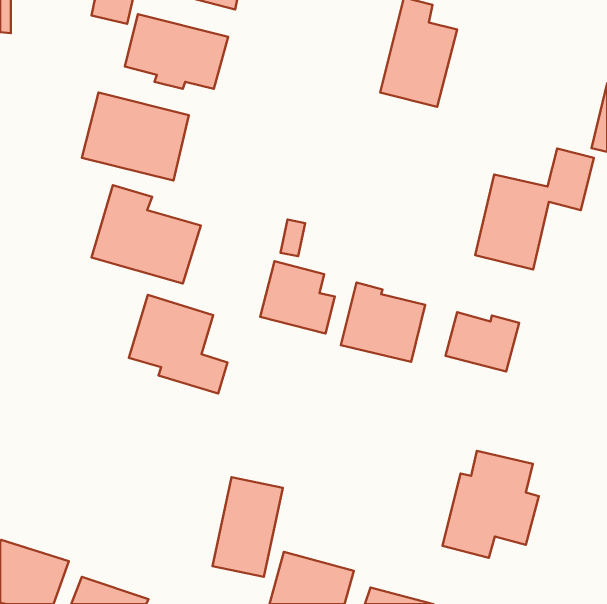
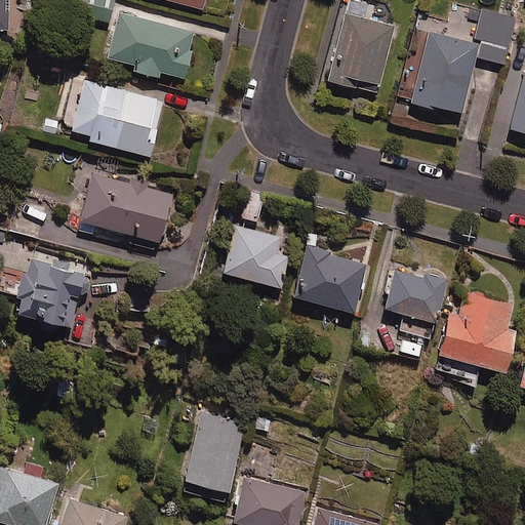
building: [475,148,594,269] -> [412,9,515,114]
building: [129,295,228,393] -> [13,257,98,342]
building: [443,451,539,558] -> [435,292,518,385]

